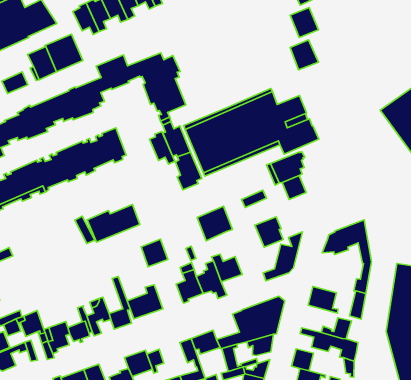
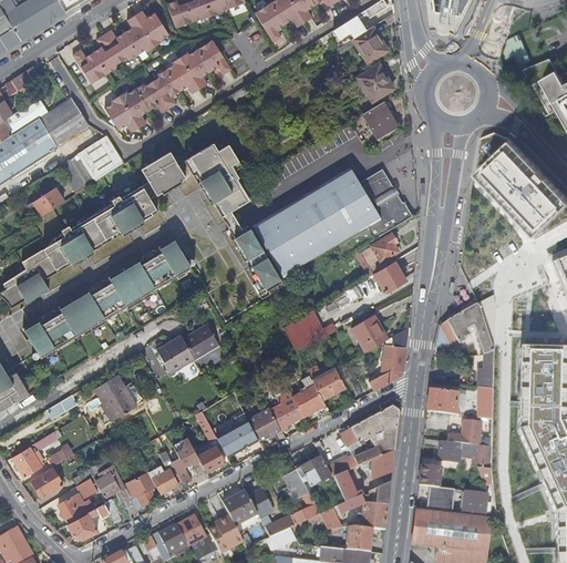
building: [150,132,175,164] -> none
building: none -> [94,375,137,420]
building: [141,239,168,267] -> [248,407,281,441]

